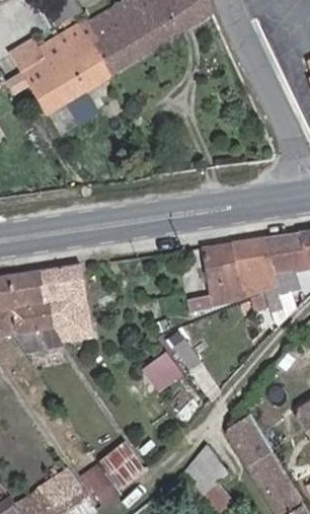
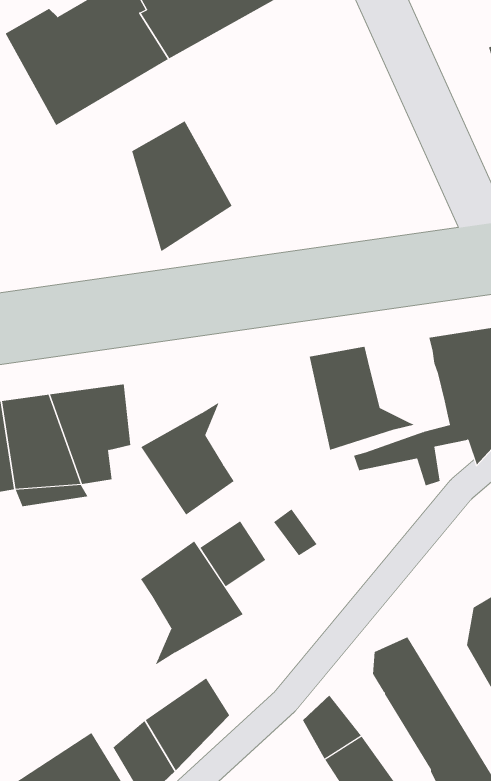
building: none -> [131,121,232,252]
building: [229,237,278,289] -> none
building: none -> [141,401,234,515]
building: none -> [140,541,243,666]

